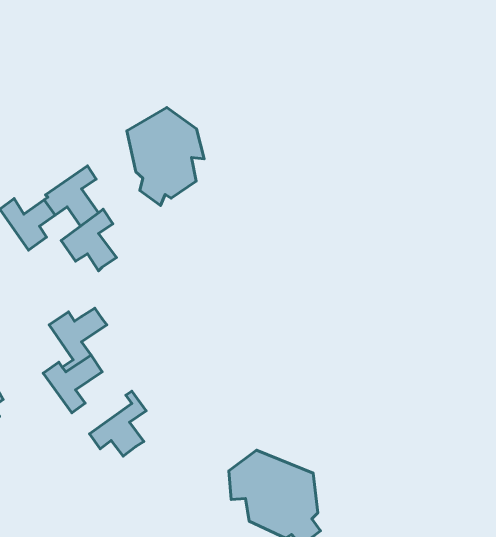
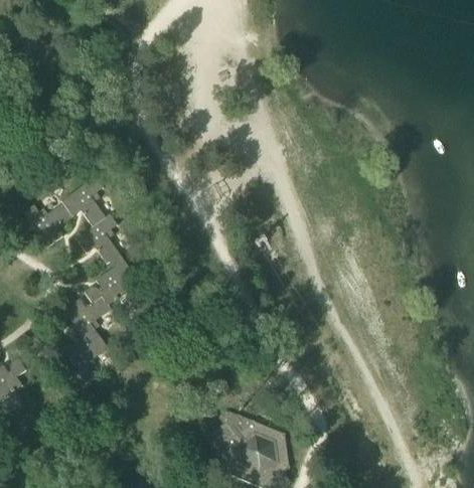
building: [127,107,204,206] -> none
building: none -> [83,253,134,304]
building: [90,391,146,456] -> none

